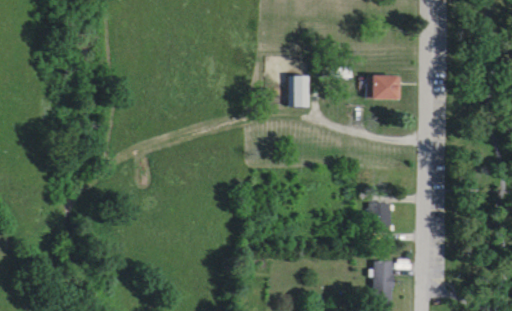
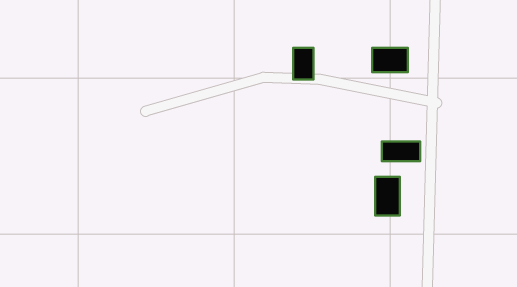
building: none -> [382,141,420,161]
building: [373,260,392,303] -> none

